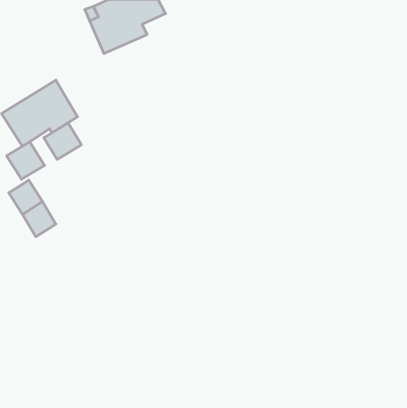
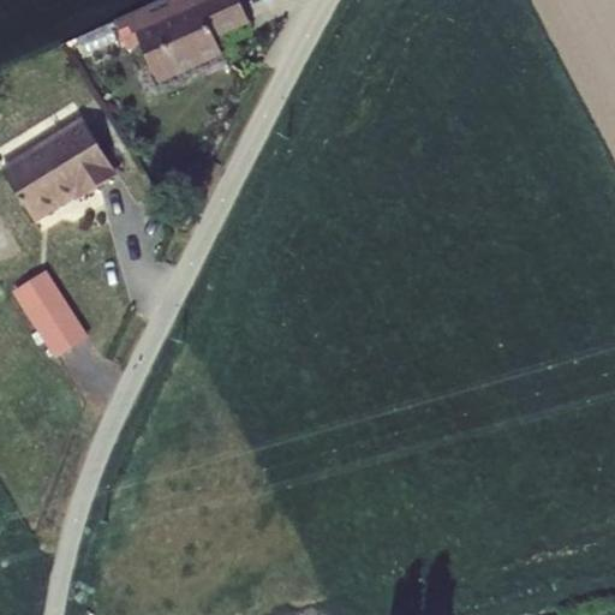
building: [44,123,81,159] -> none
building: [7,142,45,179] -> none

